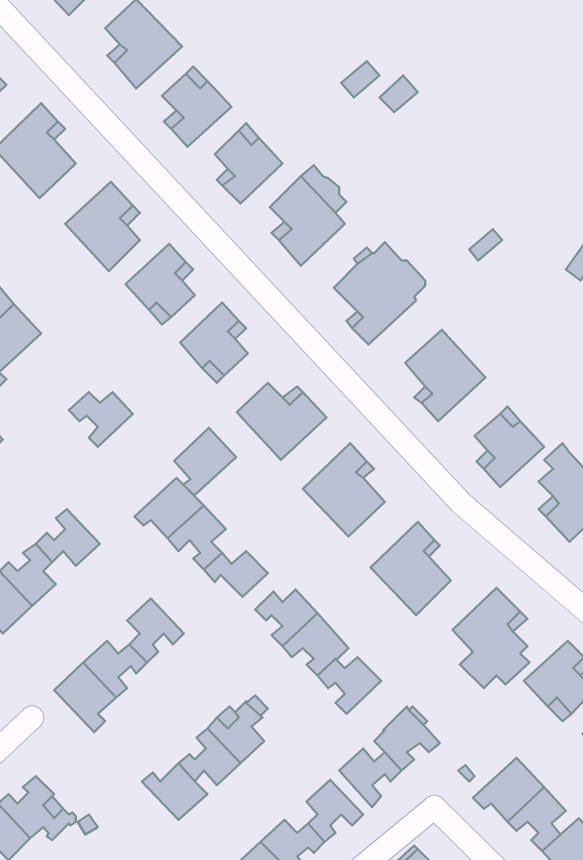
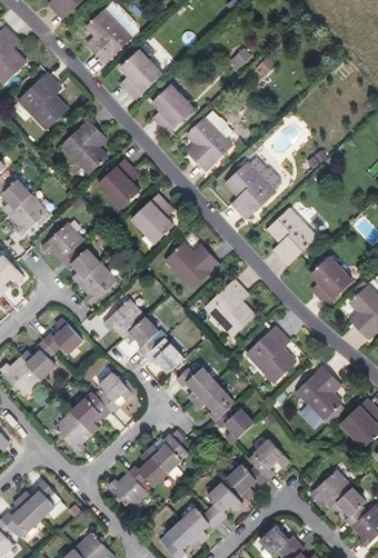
building: none -> [43,220,86,258]
building: [174,428,236,496] -> [81,260,119,301]

